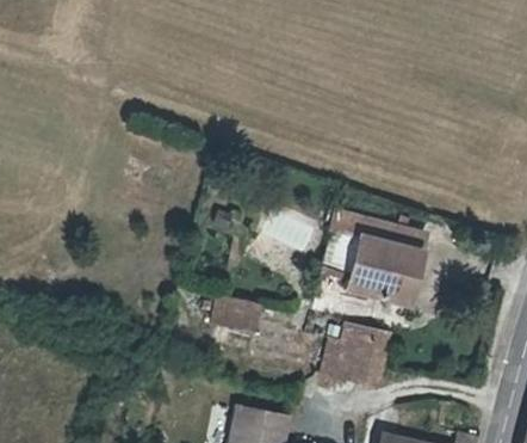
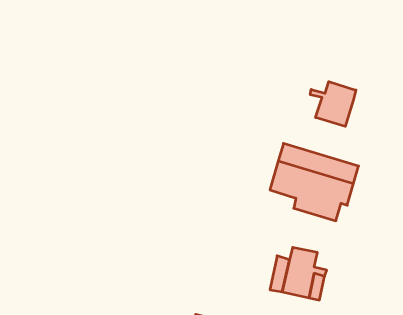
building: none -> [310,82,356,126]
building: [213,295,264,336] -> none

